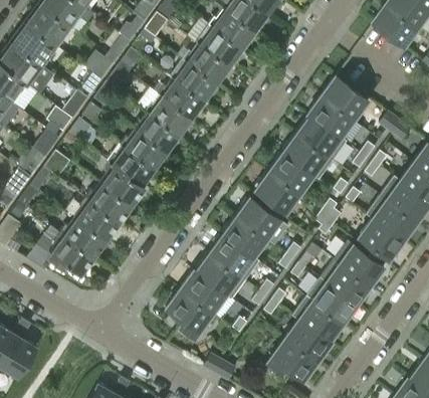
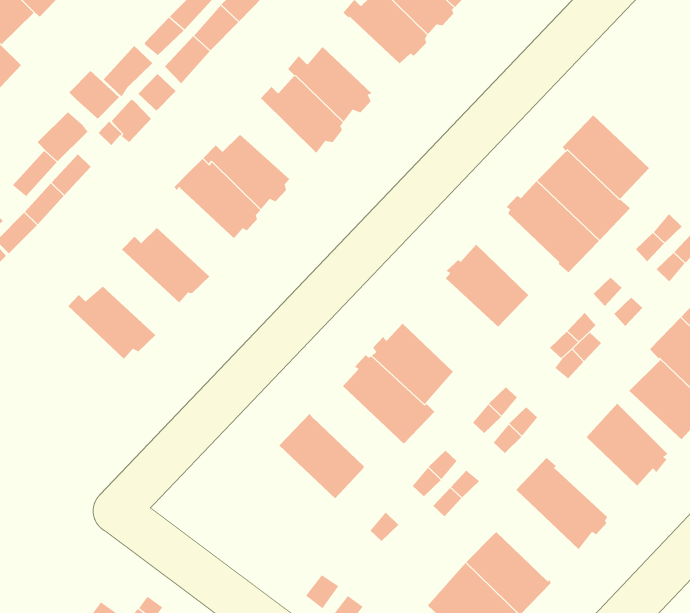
building: [170,62,216,101] -> none
building: [320,77,368,121] -> none
building: [133,111,179,151] -> none
building: [268,154,312,195] -> none
building: [100,163,143,207] -> none
building: [65,199,118,241] -> none
building: [235,199,279,240] -> none
building: [45,227,92,274] -> none
building: [195,255,244,301] -> none
building: [325,265,369,306] -> none
building: [165,290,212,339] -> none
building: [291,297,343,343] -> none

